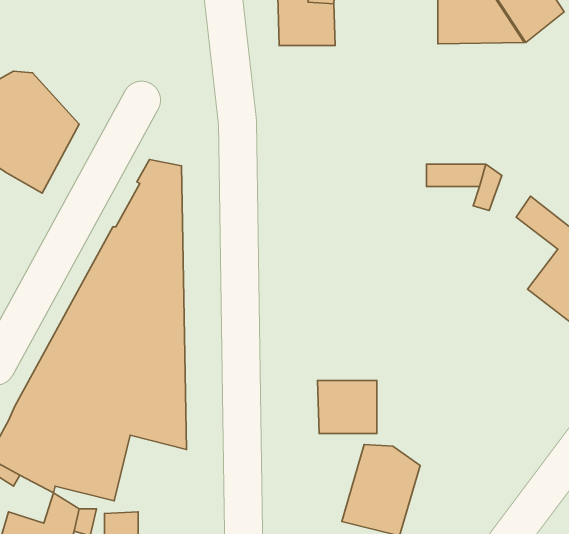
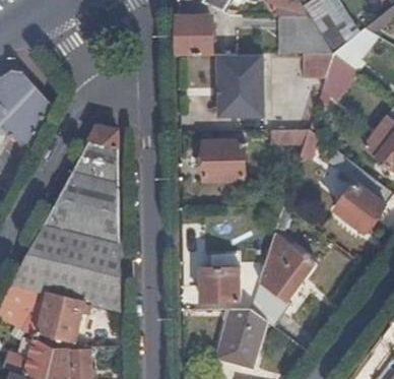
building: none -> [322,53,356,99]
building: none -> [209,65,275,107]
building: none -> [204,141,245,180]
building: none -> [250,242,314,325]

